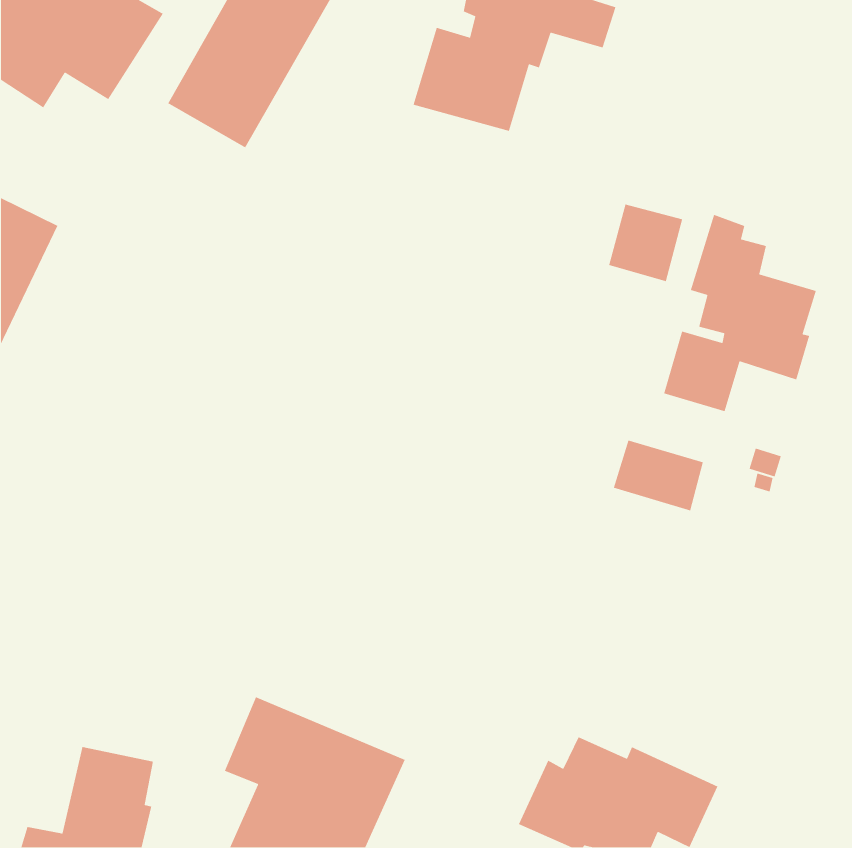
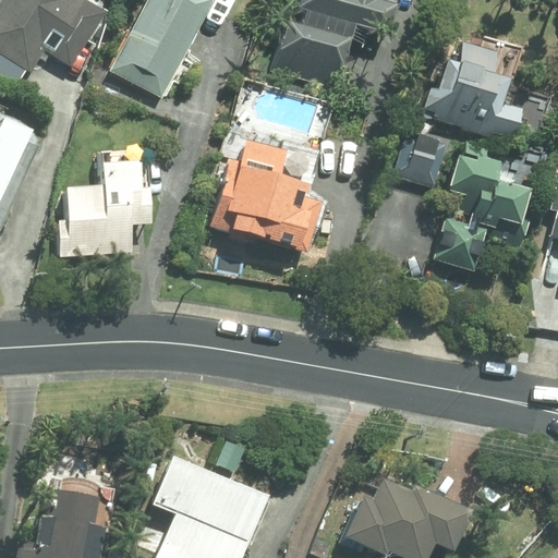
building: none -> [424,40,525,140]
building: none -> [207,140,320,252]
building: none -> [54,148,149,256]
building: [613,440,704,511] -> none

